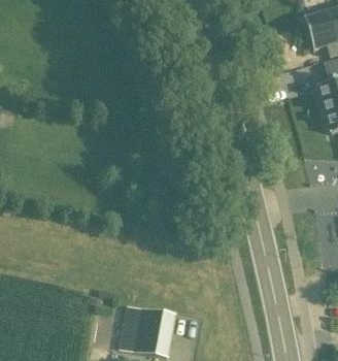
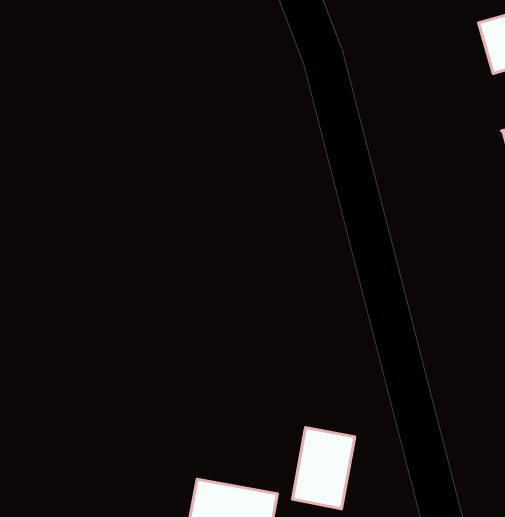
building: none -> [292,427,355,509]

